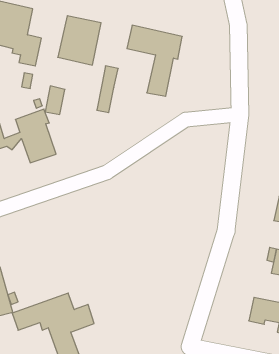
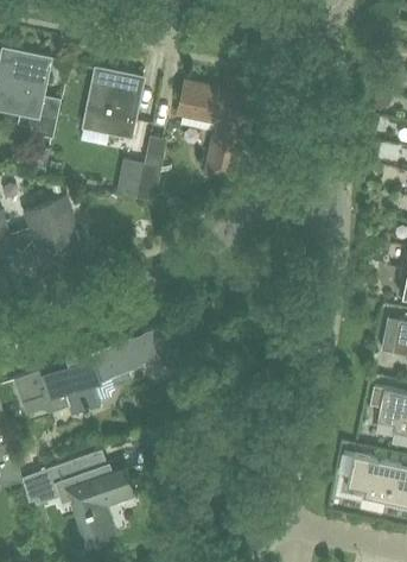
building: [45,86,65,114] -> [117,159,145,198]
building: none -> [14,327,192,416]

